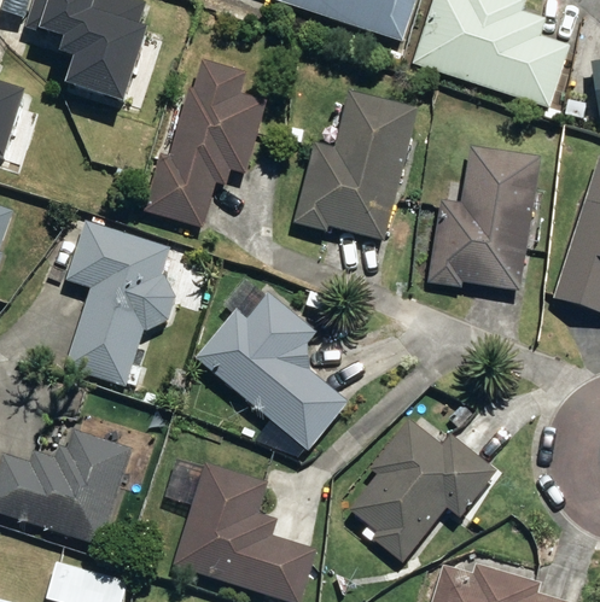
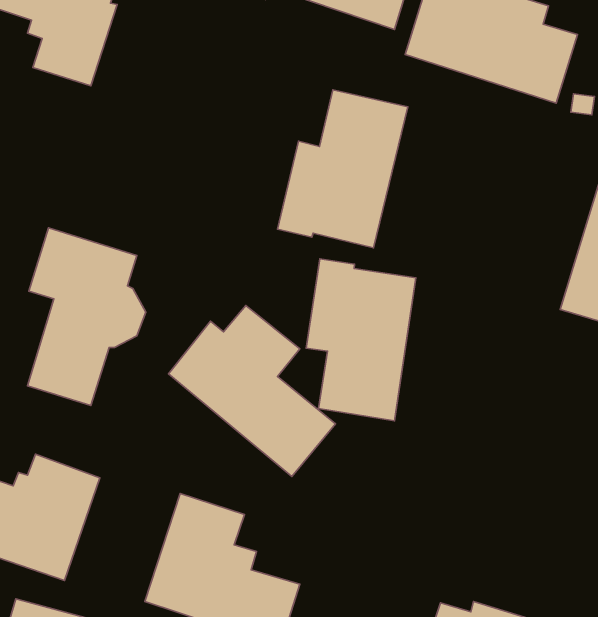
building: [145,64,264,227] -> none
building: [429,147,537,291] -> none
building: none -> [306,259,416,421]
building: [350,419,495,561] -> none

